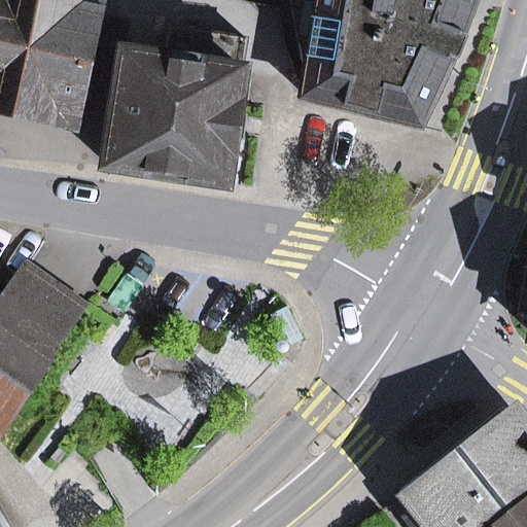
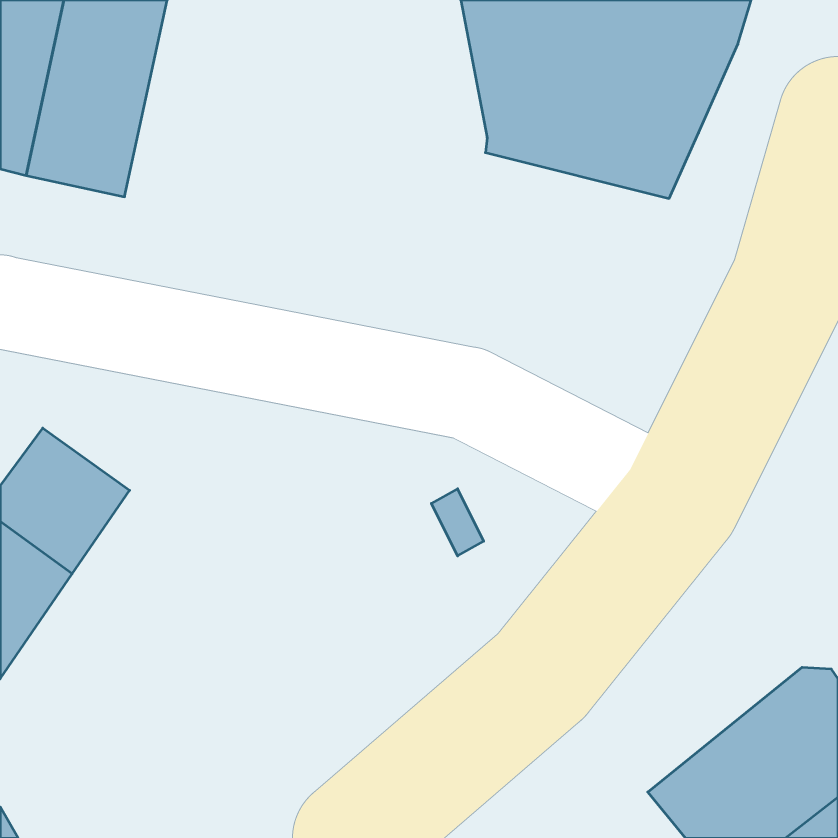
building: [108,28,247,185] -> none

